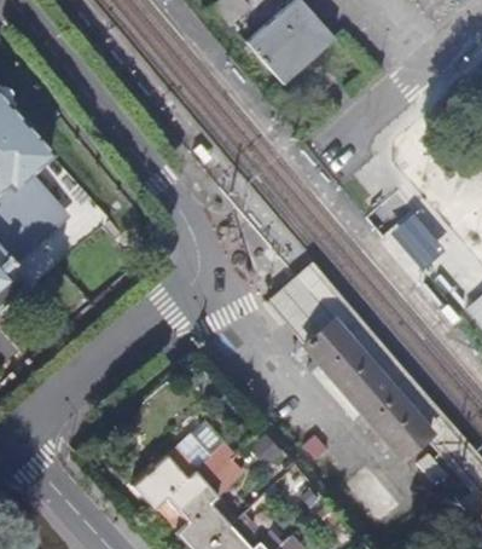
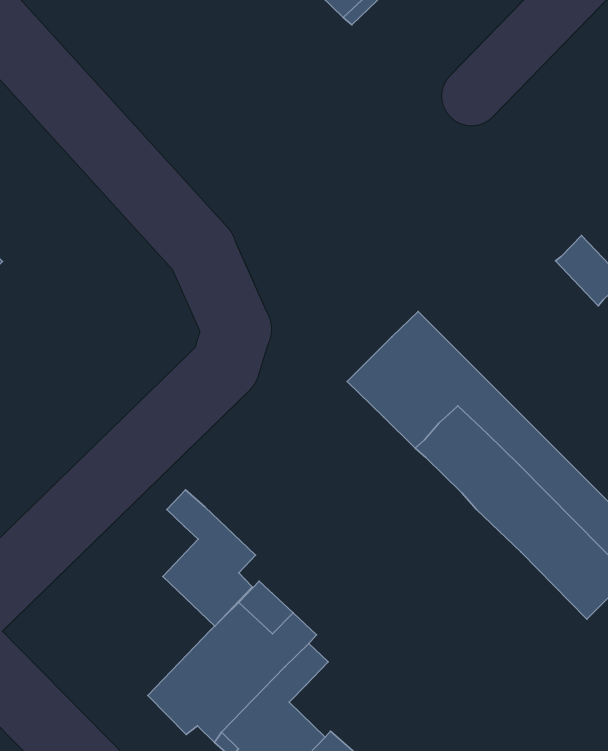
building: none -> [163,490,255,626]

